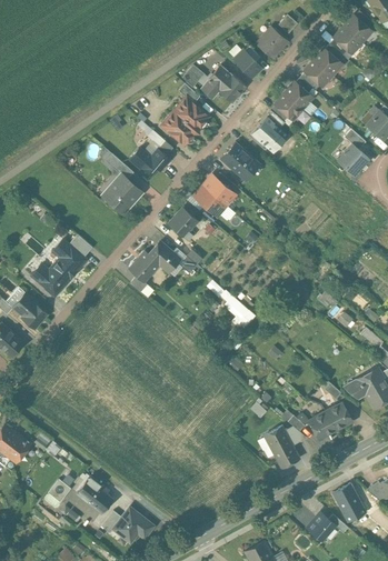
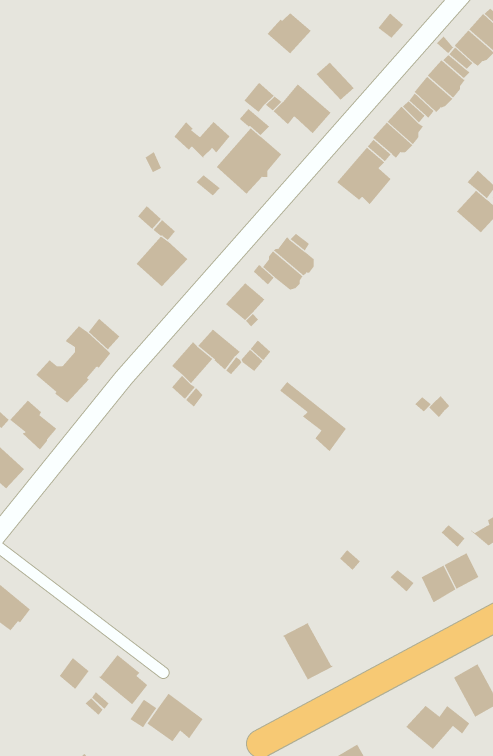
building: [256,29,288,59] -> [267,12,312,54]
building: [220,142,260,182] -> none
building: [129,149,170,176] -> [173,121,231,158]
building: [263,427,300,469] -> [282,622,333,681]

